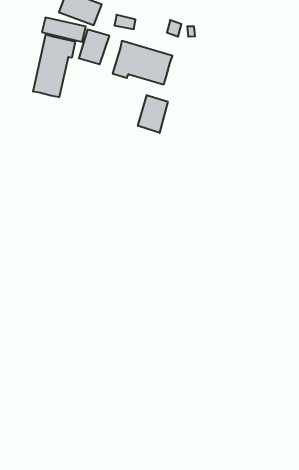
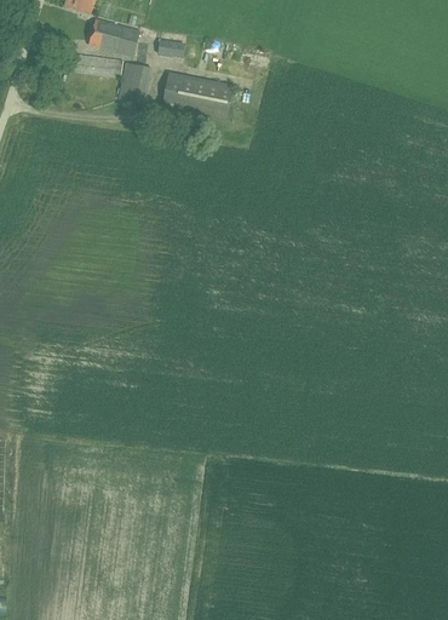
building: [33,34,75,97] -> none
building: [138,95,168,133] -> none

